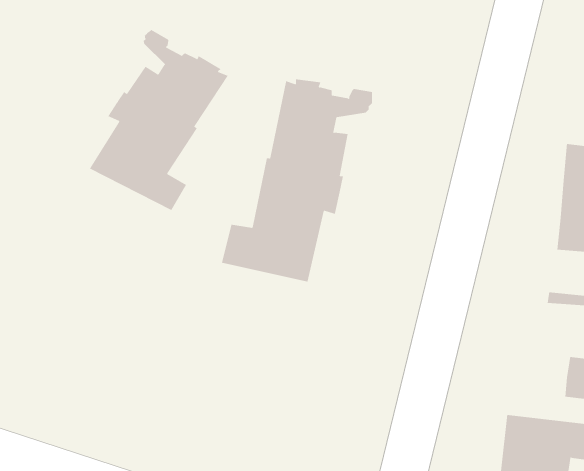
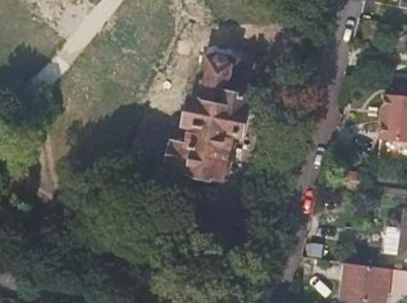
building: [89,29,228,211] -> none

